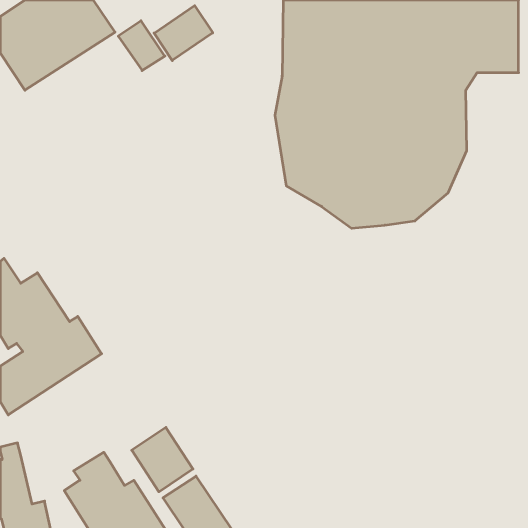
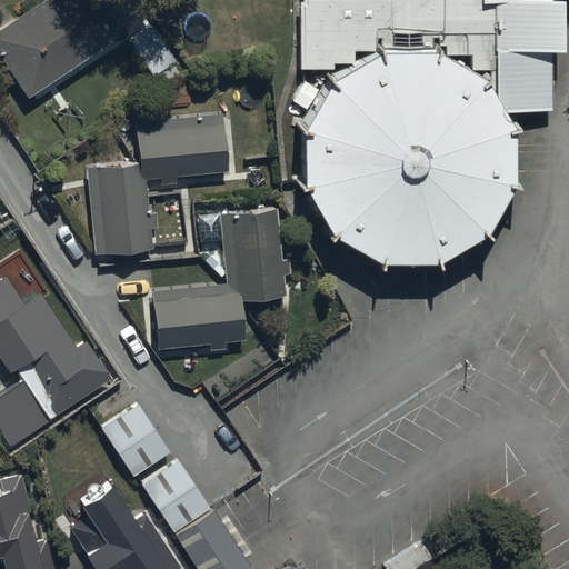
building: [154,6,213,61] -> none
building: none -> [88,114,228,253]
building: none -> [153,209,288,350]
building: none -> [104,403,172,477]

